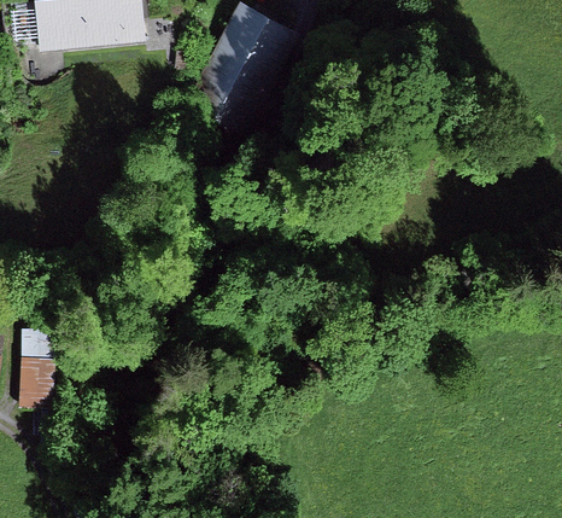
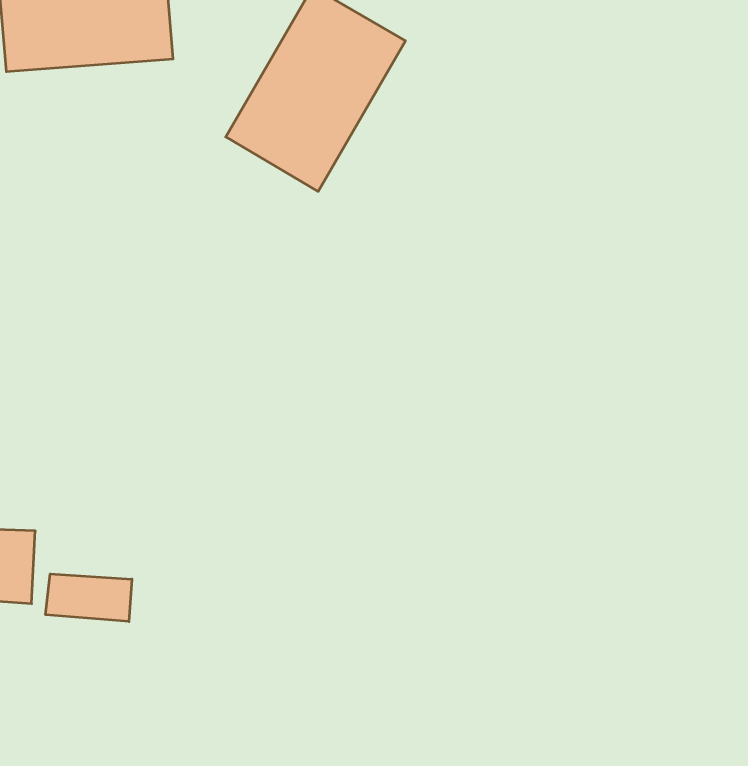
building: none -> [46,574,132,622]

